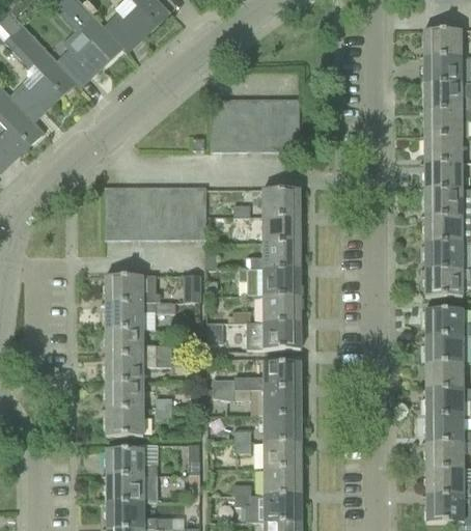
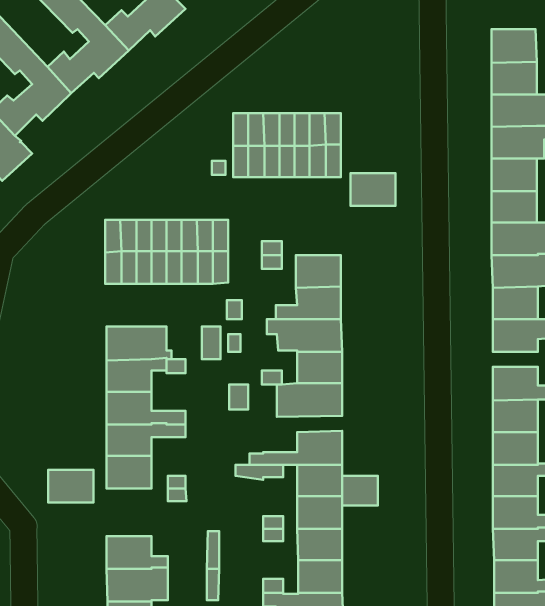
building: [262,189,300,216] -> [350,173,396,206]
building: none -> [342,476,378,505]
building: [106,409,143,436] -> [48,470,93,502]

